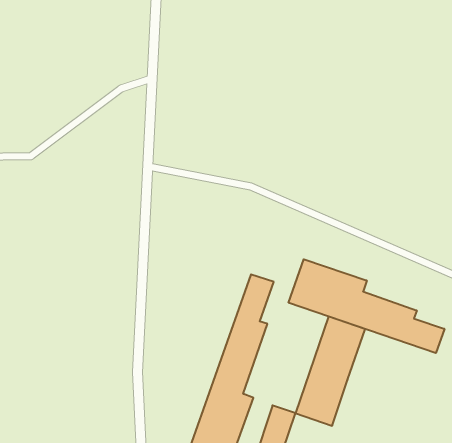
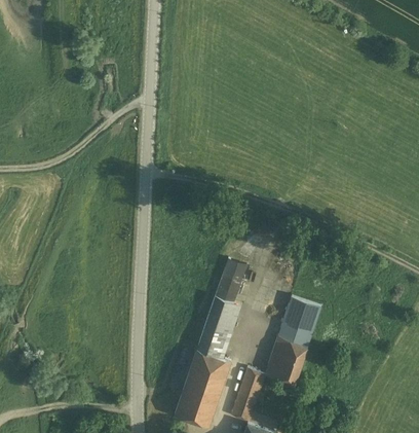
building: [289,259,444,353] -> none

